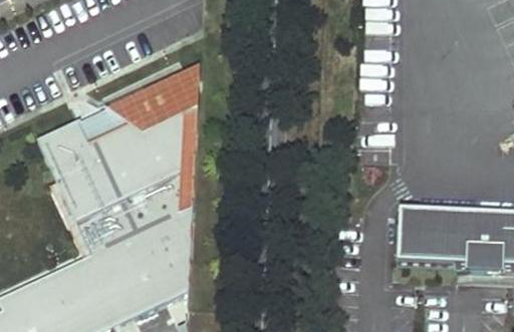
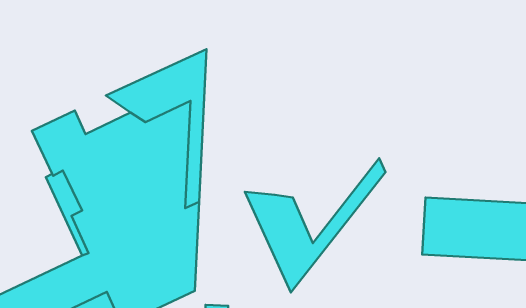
building: [75,107,127,143] -> none
building: none -> [245,158,386,293]

